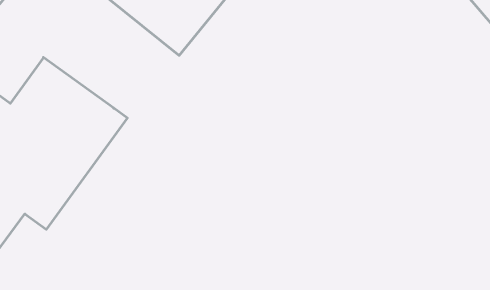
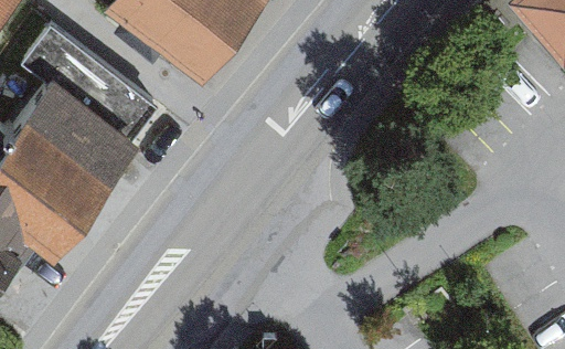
building: none -> [21,25,156,139]

